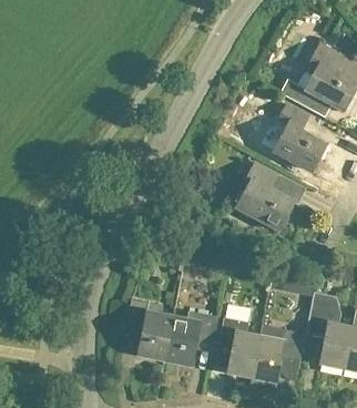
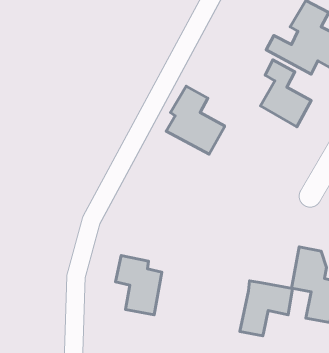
building: [235,162,294,231] -> [166,86,224,154]
building: [166,312,218,365] -> none
building: [218,318,262,377] -> none

